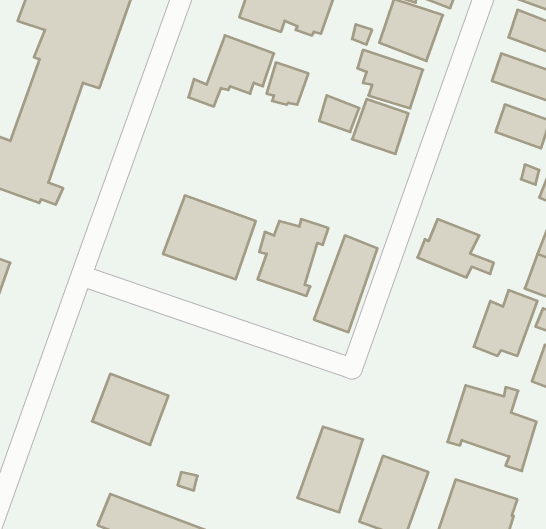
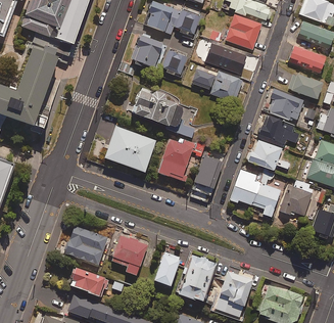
building: none -> [133,87,194,137]
building: none -> [269,87,304,121]
building: none -> [259,114,299,143]
building: [447,385,536,471] -> [230,169,280,217]
building: none -> [111,235,147,275]
building: none -> [154,250,181,286]
building: none -> [68,267,105,297]

